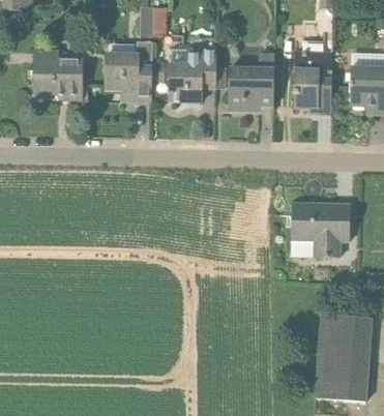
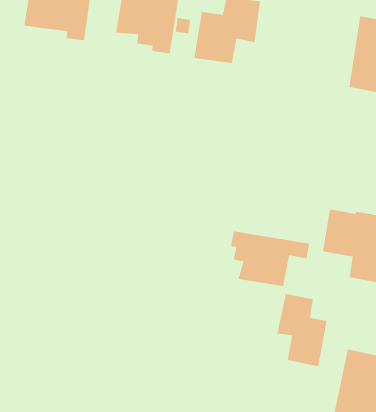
building: [228,51,275,110] -> none
building: none -> [230,230,310,287]
building: none -> [277,293,327,367]

